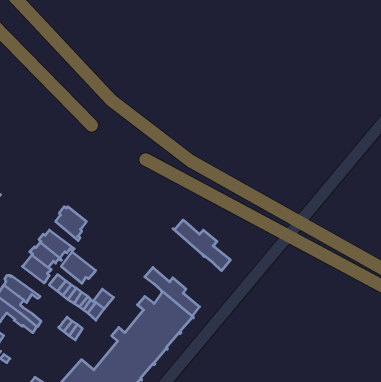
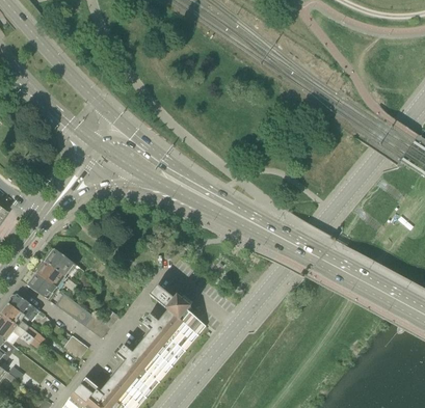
building: [56,207,86,241] -> none
building: [173,220,230,271] -> none
building: [61,252,96,283] -> none

